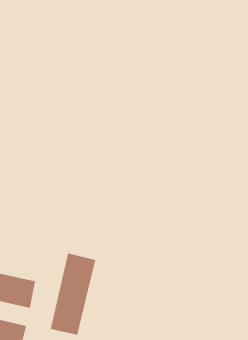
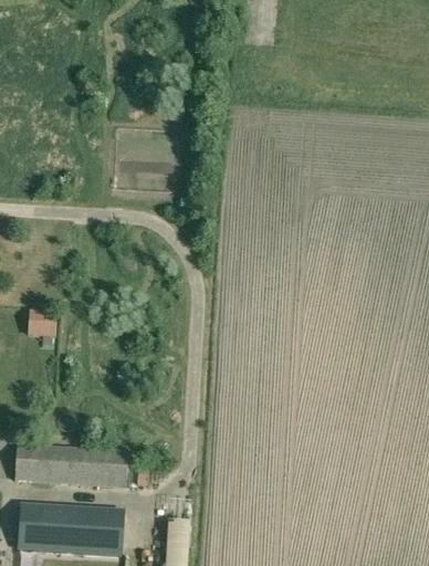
building: [50,252,96,336] -> none

